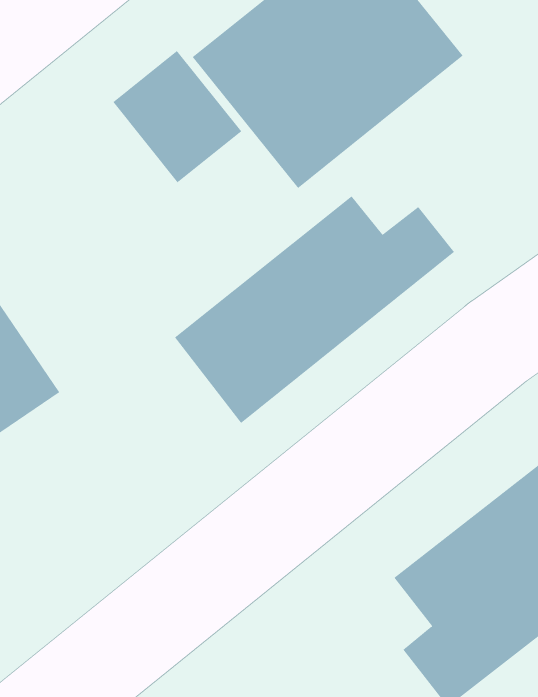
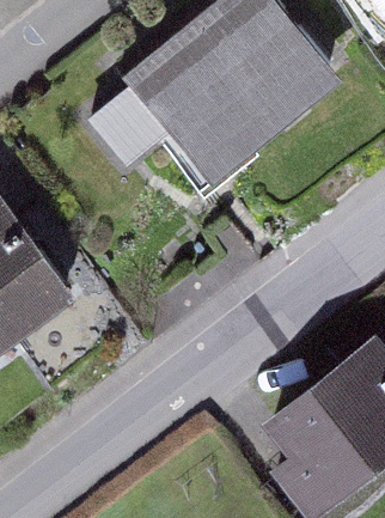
building: [174,195,455,424] -> none

